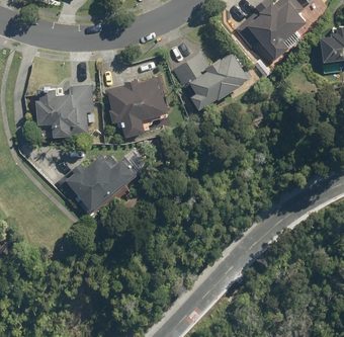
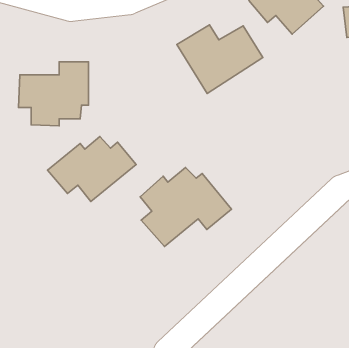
building: [106,79,167,137] -> none
building: none -> [140,167,232,247]

